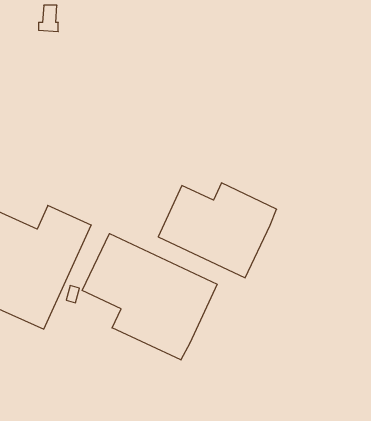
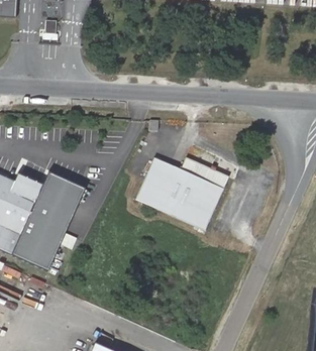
building: [82,234,217,360] -> none

